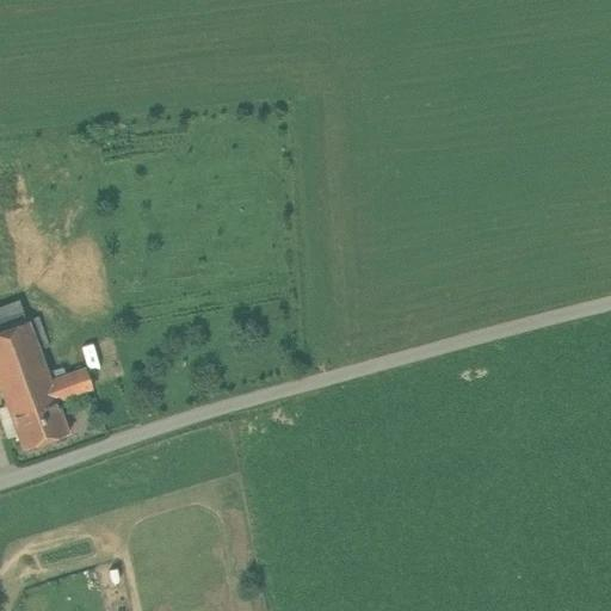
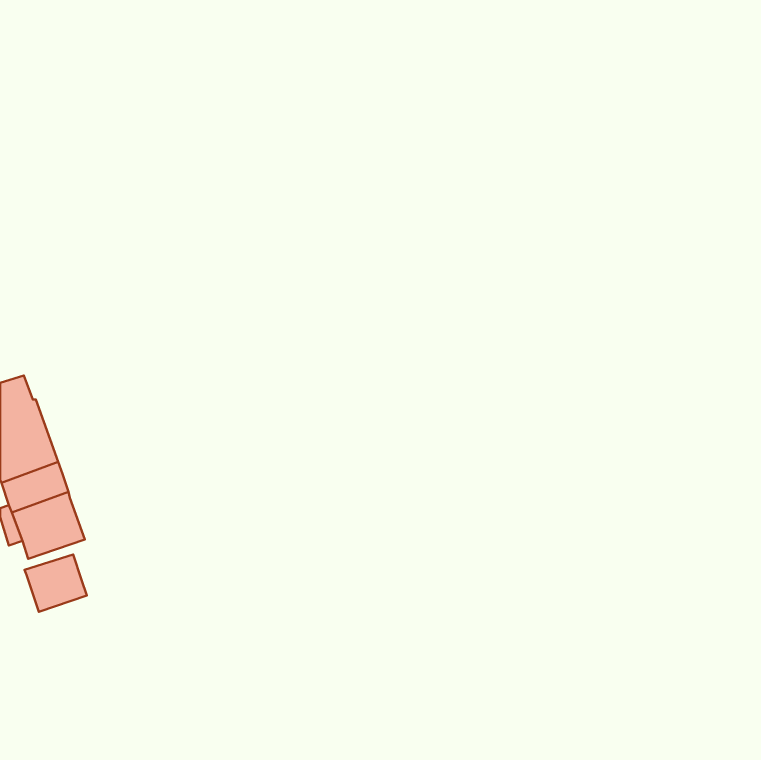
building: [50,366,92,399] -> none
building: none -> [24,554,87,612]

